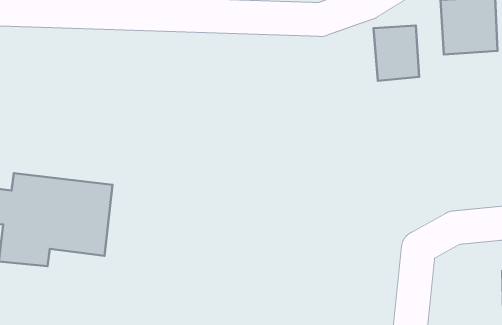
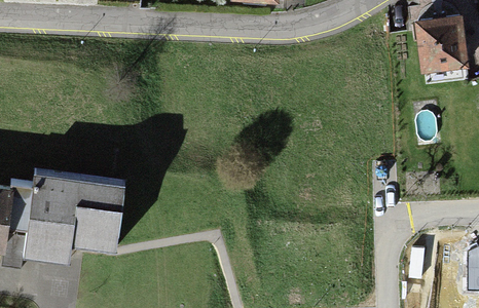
building: [373,26,419,81] -> none

